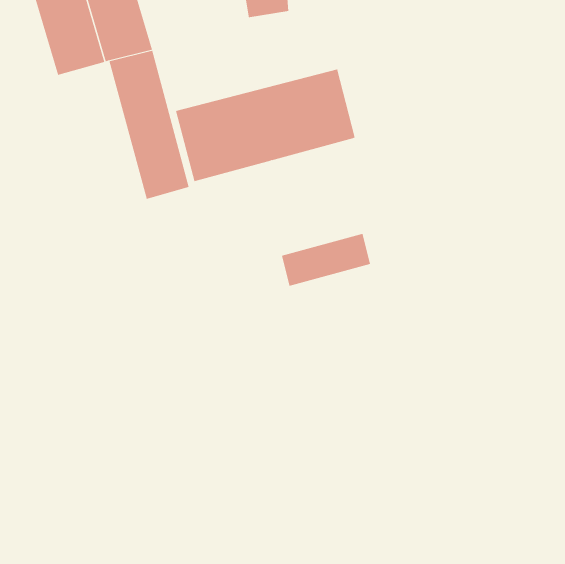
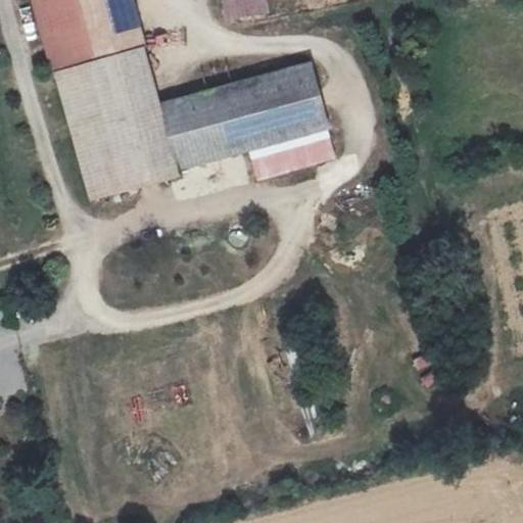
building: none -> [53,56,135,196]
building: [281,233,371,286] -> [250,128,333,177]

